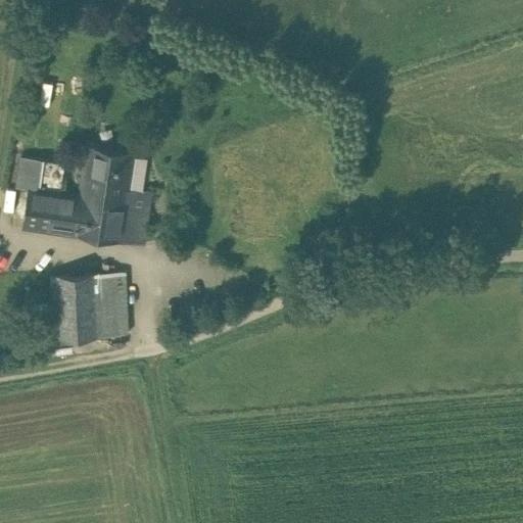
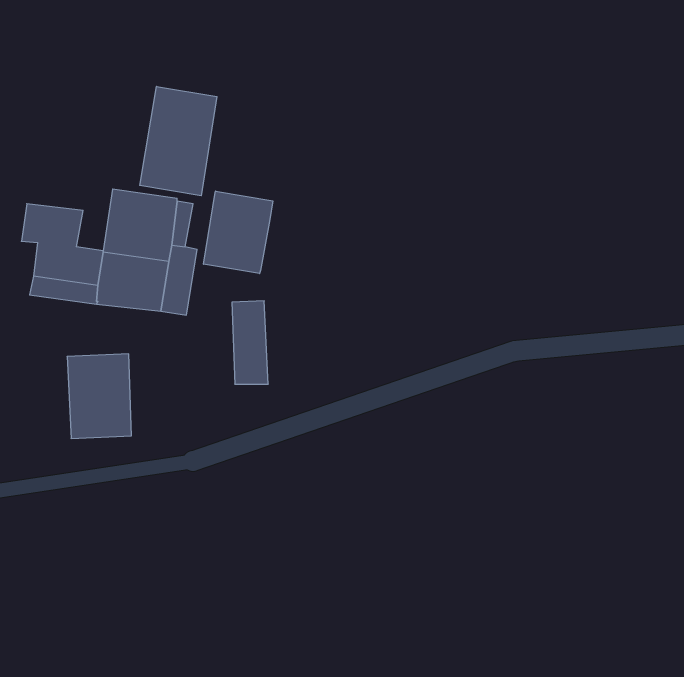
building: none -> [140,86,217,196]
building: none -> [204,191,273,274]
building: [98,275,126,338] -> [232,301,268,384]

